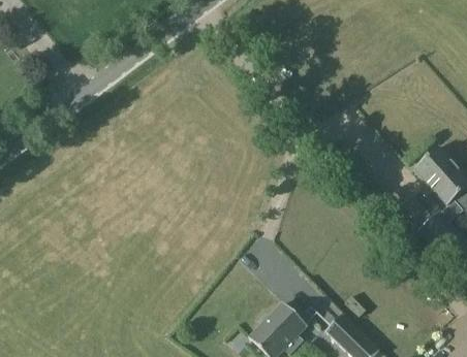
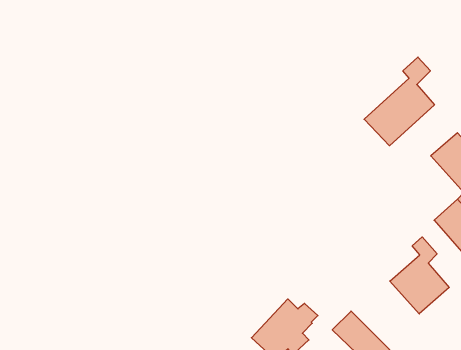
building: none -> [364,57,434,146]
building: none -> [390,237,449,314]

